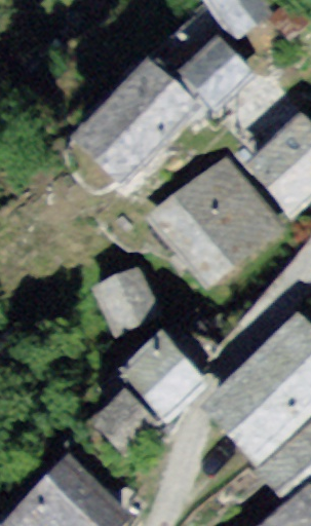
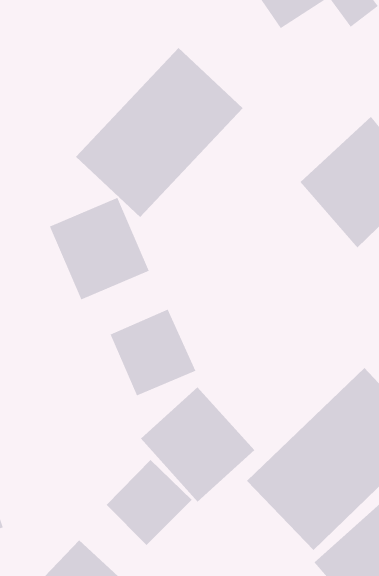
building: [169,32,251,113] -> none
building: [148,155,284,291] -> none
building: none -> [49,197,150,300]

